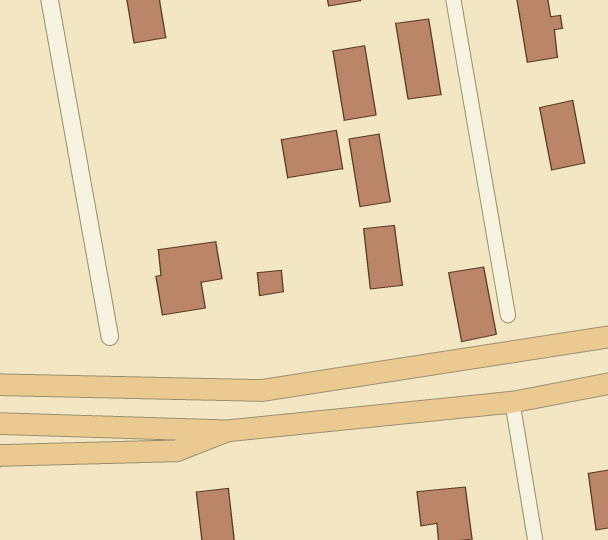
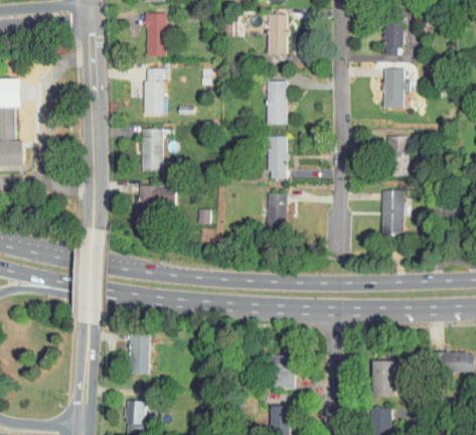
building: [396,19,441,99] -> none
building: none -> [142,67,161,114]
building: [281,130,343,178] -> none
building: none -> [139,128,161,171]
building: [449,267,496,342] -> [378,189,402,233]

